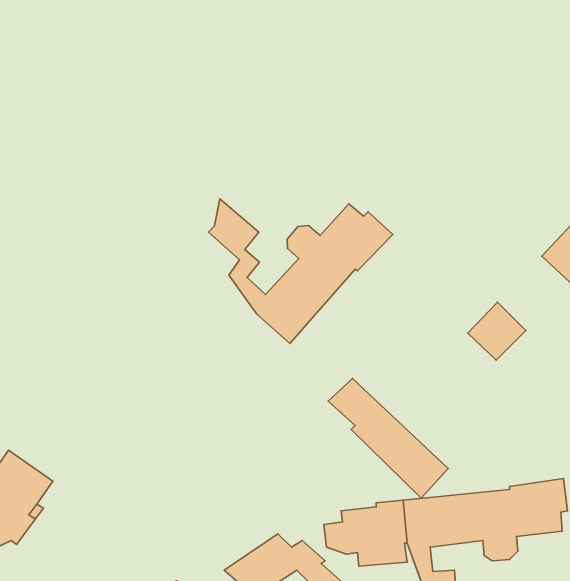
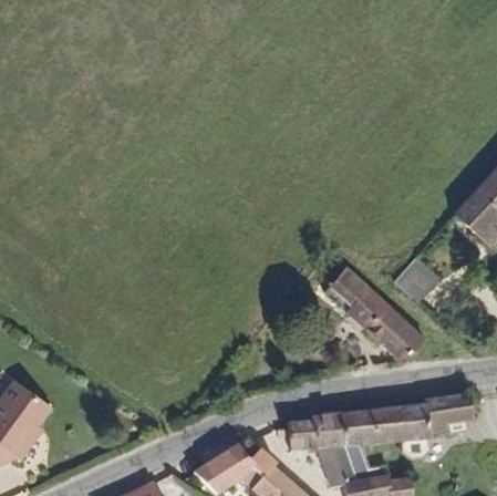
building: [208,199,393,343] -> none
building: [328,378,448,498] -> [330,264,428,362]

